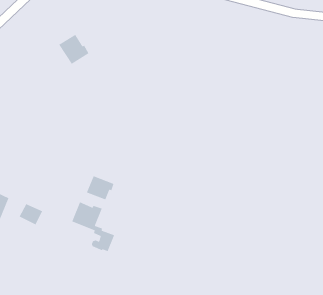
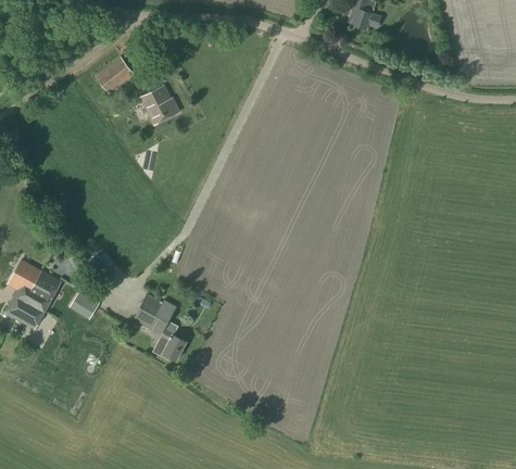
building: none -> [95,56,134,93]
building: [86,175,114,201] -> none

